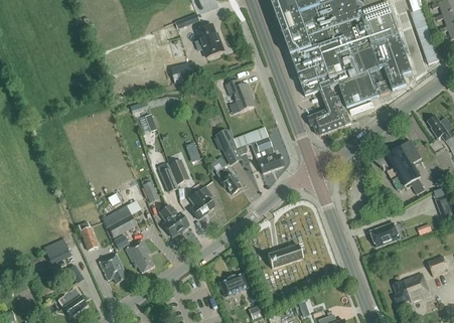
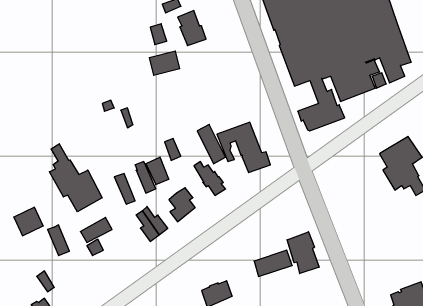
building: [225,78,254,110] -> none
building: none -> [49,144,102,212]
building: [370,221,400,246] -> none
building: none -> [287,232,319,274]
building: [43,237,70,264] -> [14,207,43,236]
building: [125,238,154,273] -> none
building: [100,254,125,282] -> none

